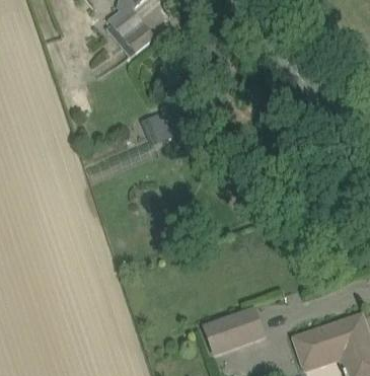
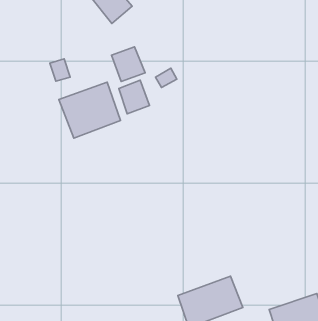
building: none -> [112,47,145,82]
building: none -> [59,82,121,138]

